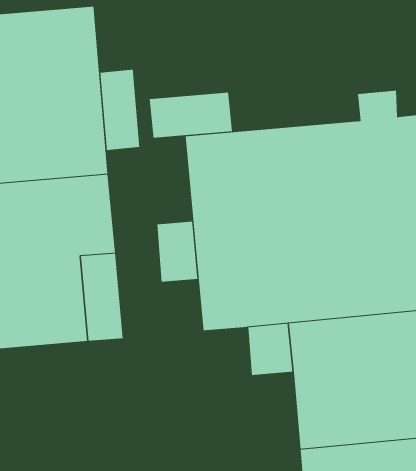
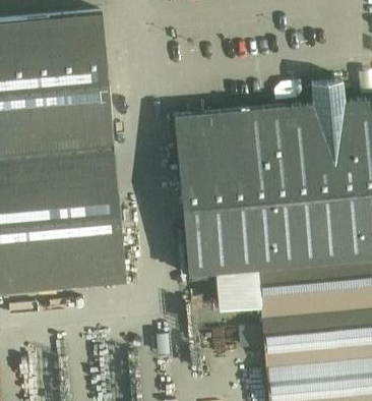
building: [100,69,140,151] -> none
building: [149,92,232,139] -> none
building: [157,221,198,282] -> none

